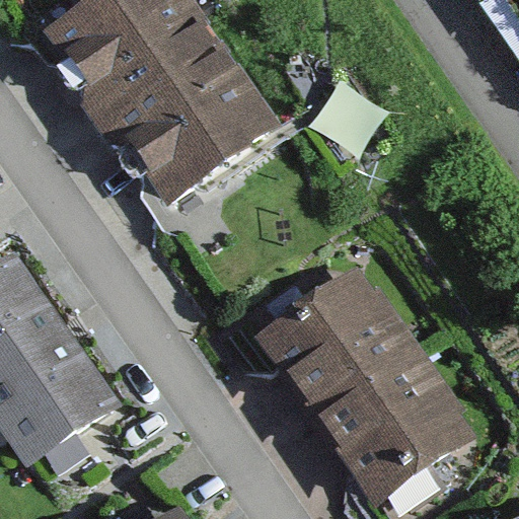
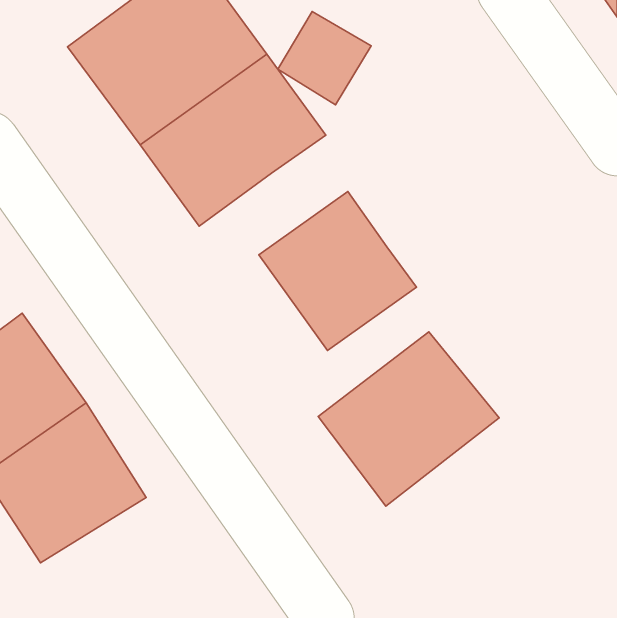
building: [307,81,384,158] -> [278,12,371,105]
building: none -> [259,191,417,351]
building: [318,345,477,502] -> none

